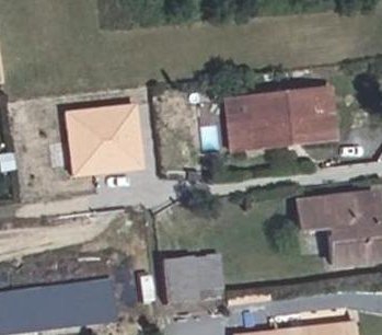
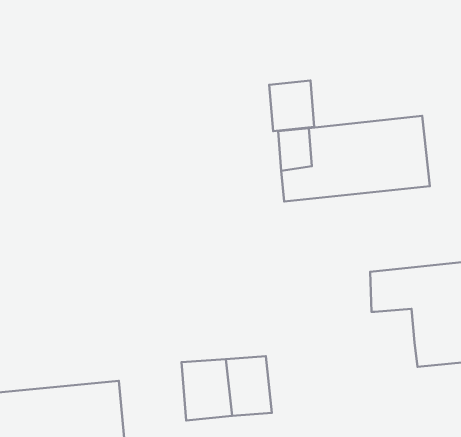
building: none -> [269,80,314,131]
building: [62,104,140,172] -> none

